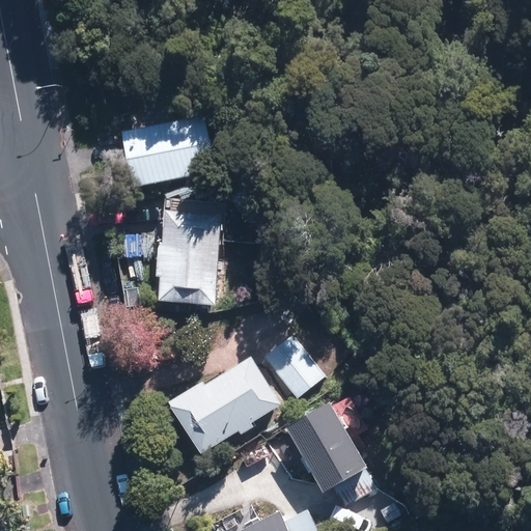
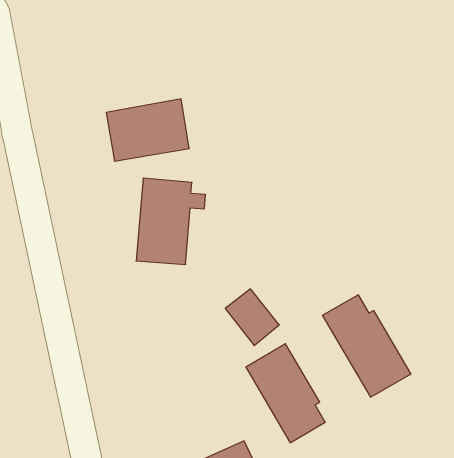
building: none -> [323,295,411,397]
building: [165,356,280,454] -> none

